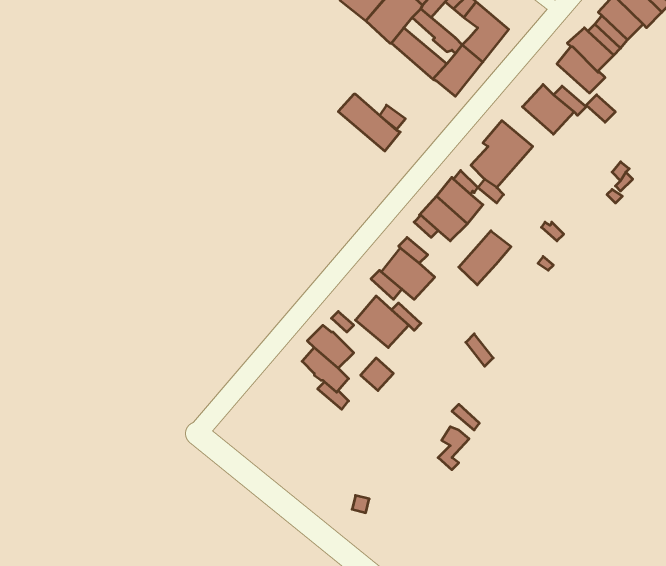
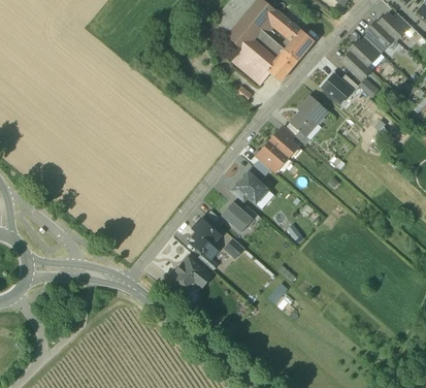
building: [338,94,400,151] -> [232,50,269,84]
building: [459,231,511,285] -> none
building: none -> [170,257,208,292]

